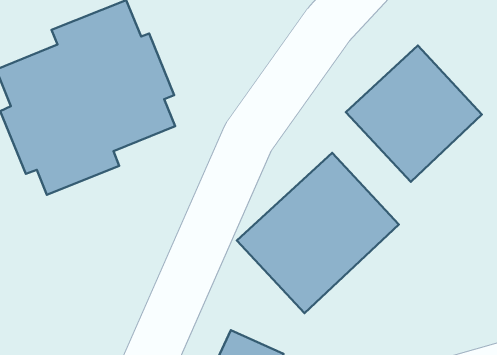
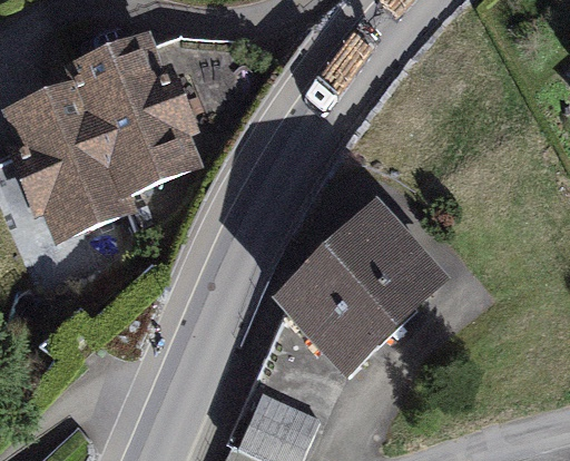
building: [346,46,482,182] -> none

